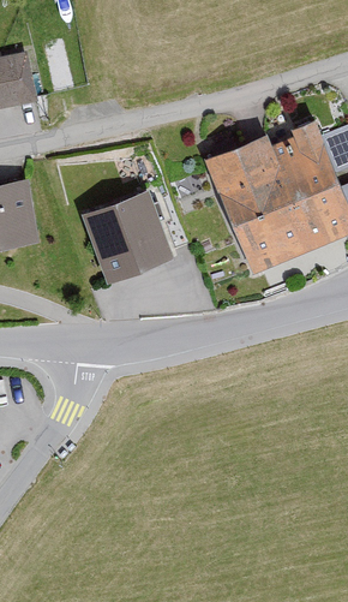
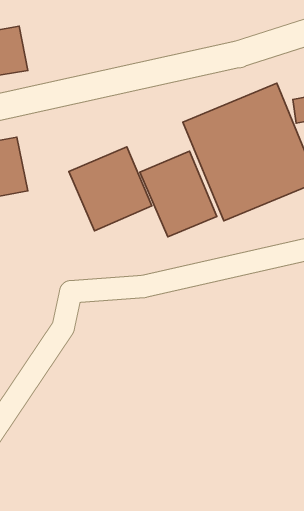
building: none -> [140,151,217,237]

